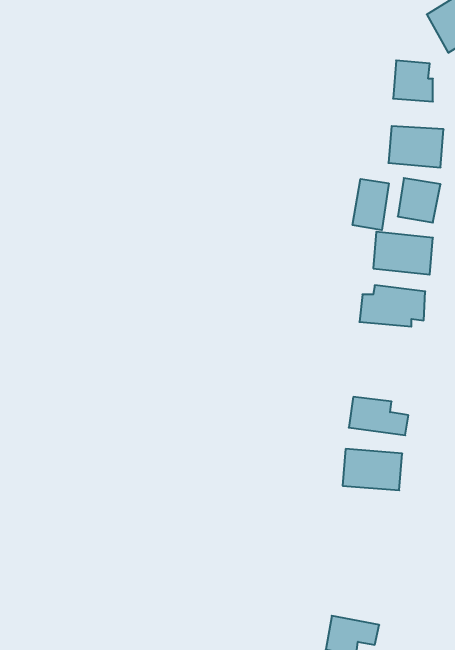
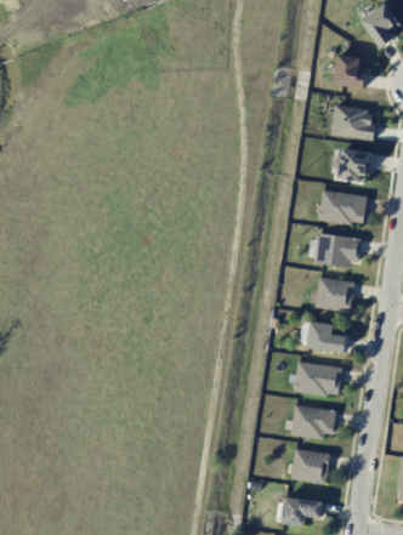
building: [353,179,389,230] -> none
building: none -> [310,277,354,311]
building: none -> [291,405,336,438]
building: none -> [293,450,330,483]

